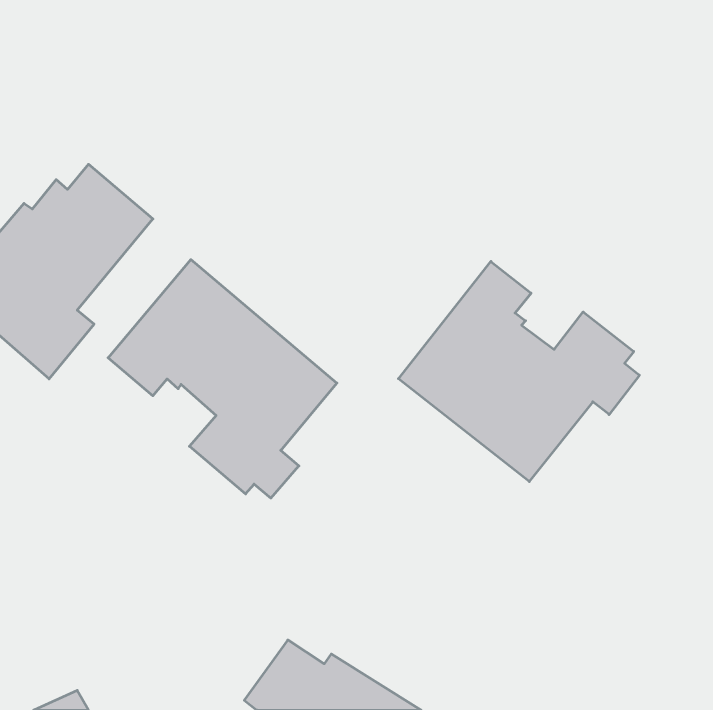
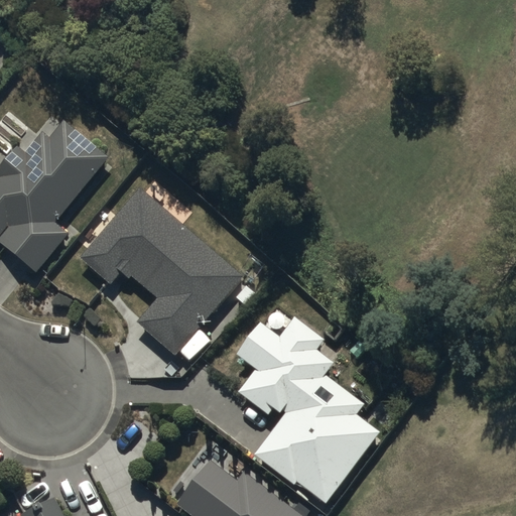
building: [398,261,639,482] -> none
building: none -> [234,316,380,504]

